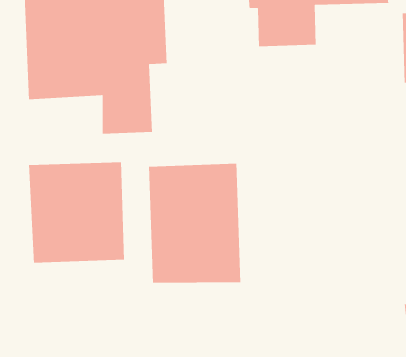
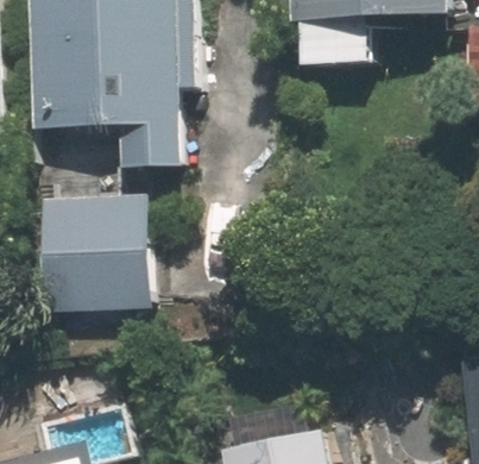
building: [148,163,241,283] -> none

